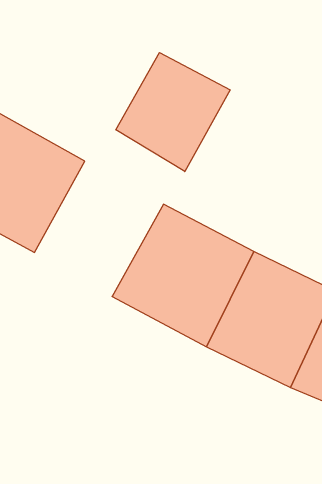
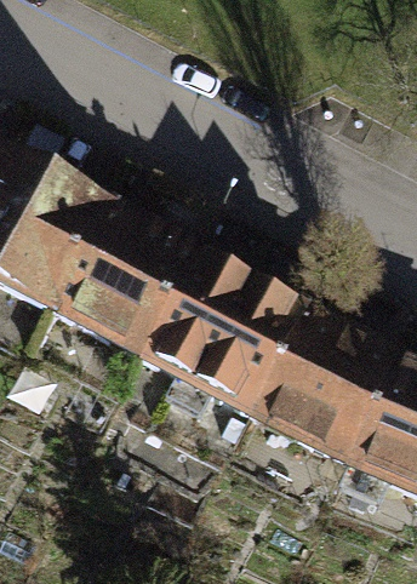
building: [116,53,230,172] -> none
building: none -> [53,202,202,359]

